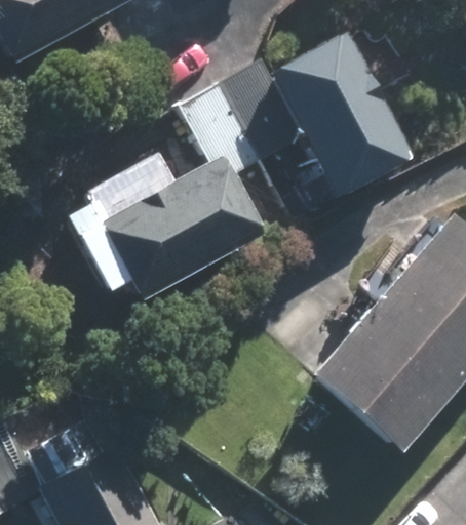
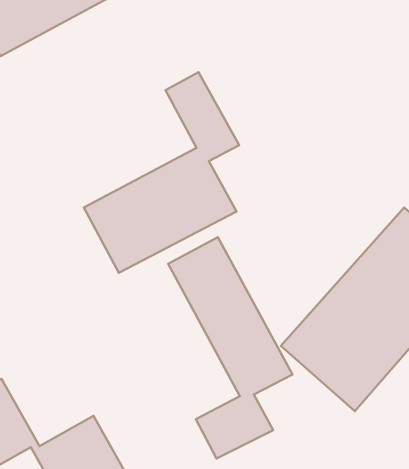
building: [224,33,414,198] -> none
building: none -> [168,237,292,459]

